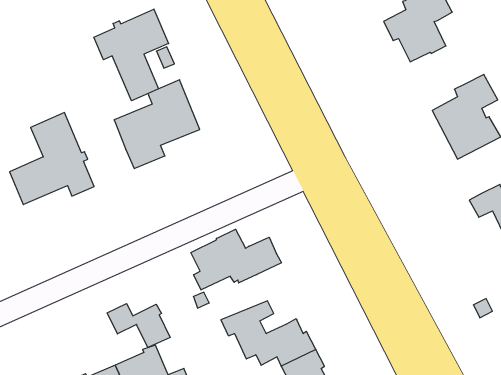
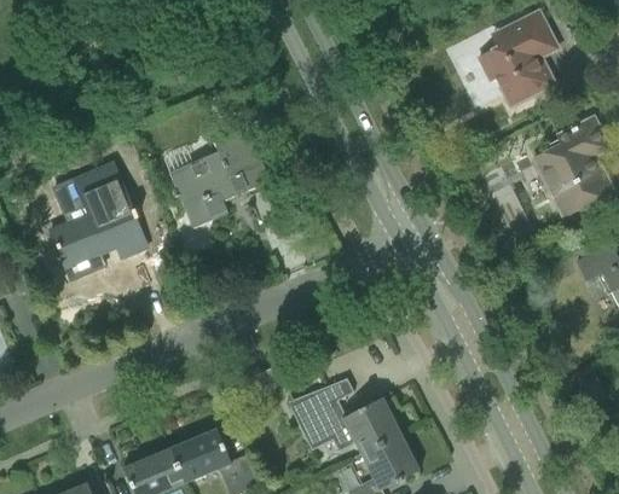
building: [94,9,169,101] -> none
building: [191,229,281,290] -> none
building: [107,304,170,348] -> none

